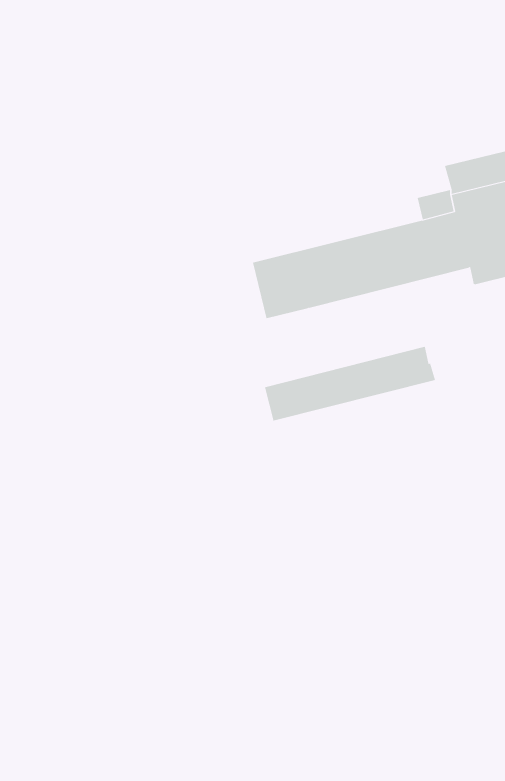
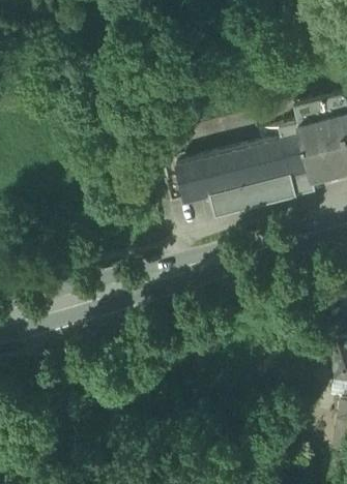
building: [264,346,436,421] -> [210,170,315,215]

